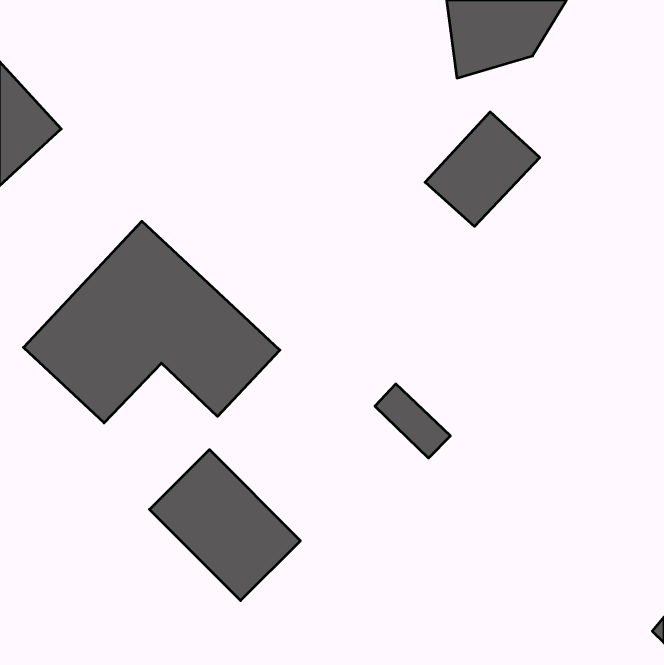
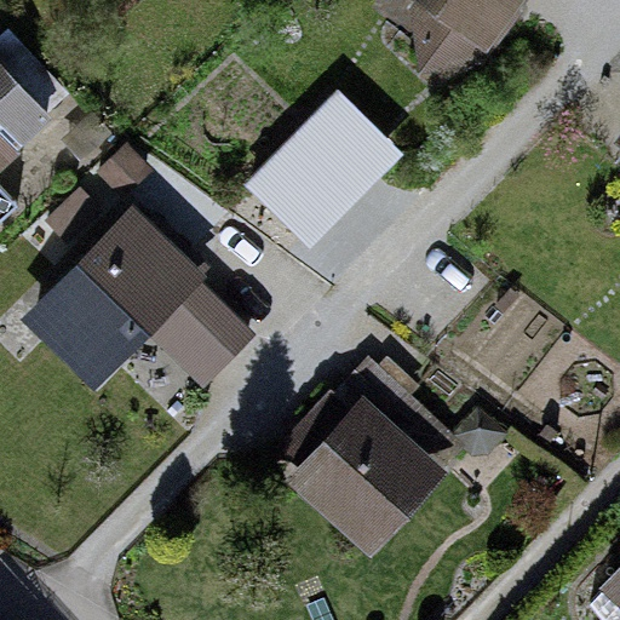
building: [425,112,540,226] -> [272,92,379,199]
building: [149,450,300,601] -> [275,394,415,534]

